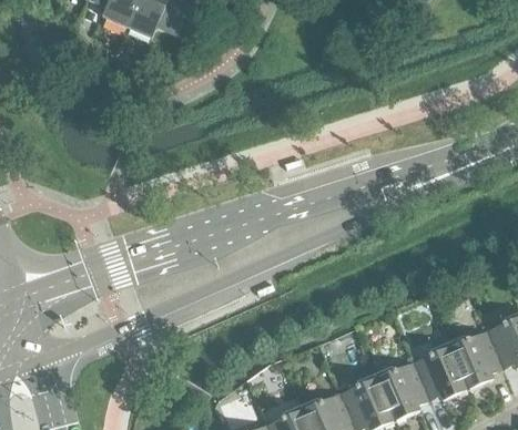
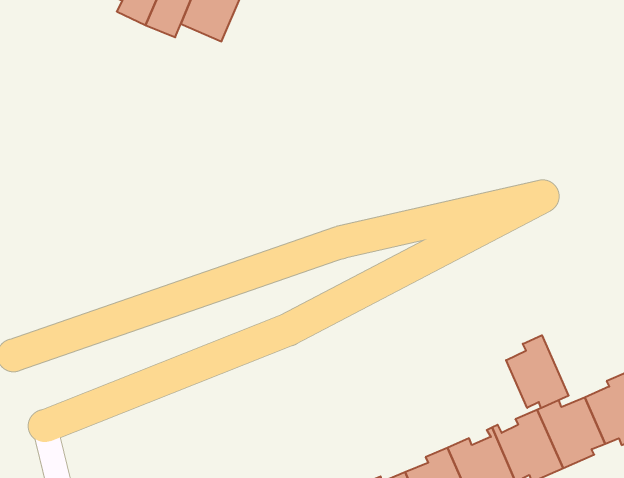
building: none -> [506,335,569,408]

